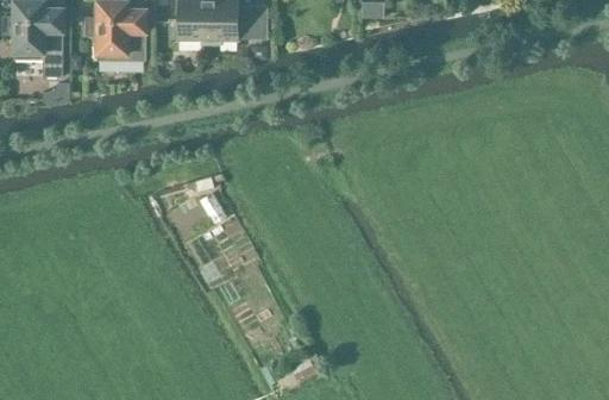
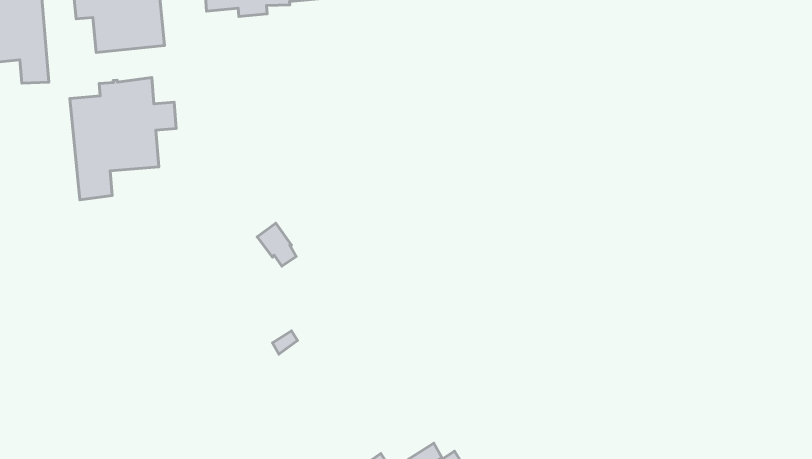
building: none -> [70,77,176,200]

